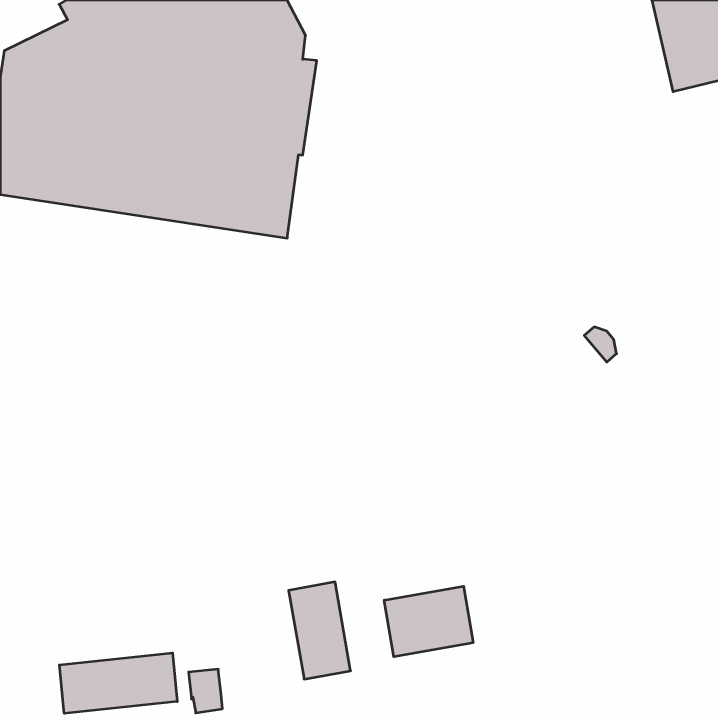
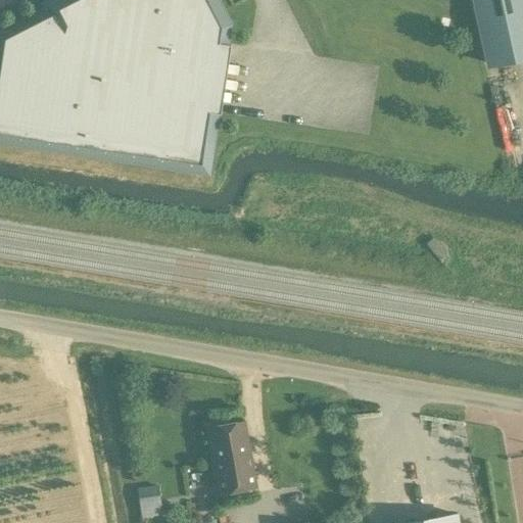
building: [384,586,473,657] -> none
building: [59,653,177,713] -> none

